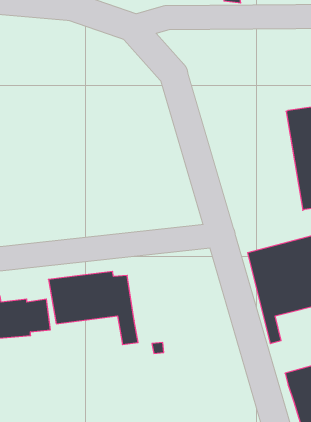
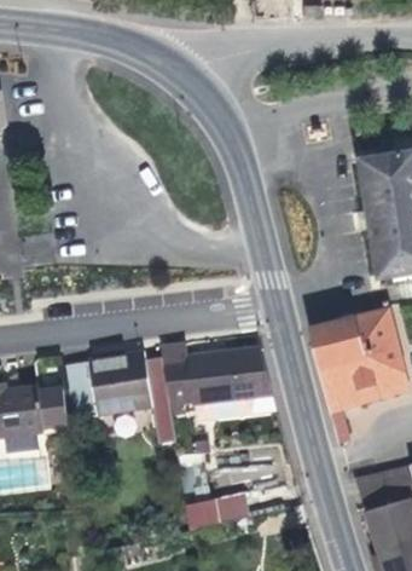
building: none -> [161,341,272,420]
building: none -> [186,492,249,529]

